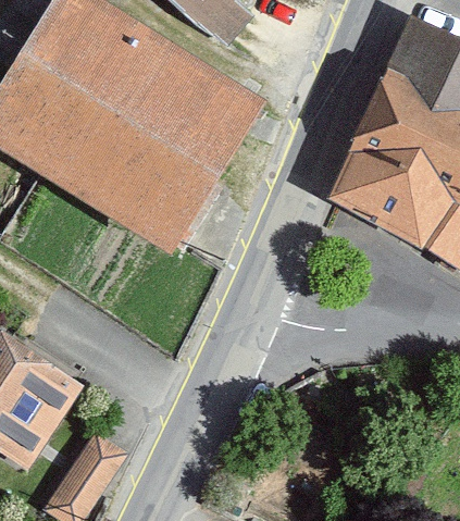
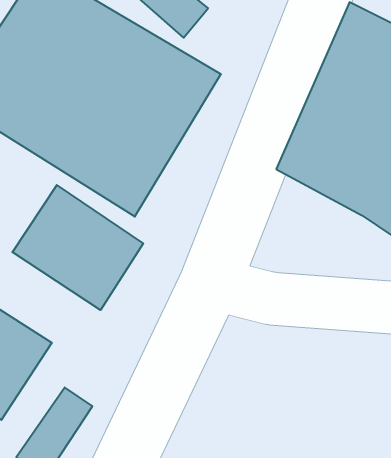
building: none -> [12,185,143,310]

